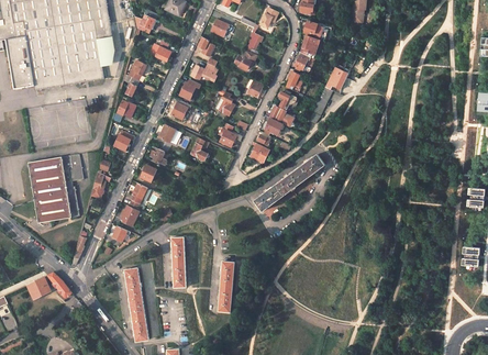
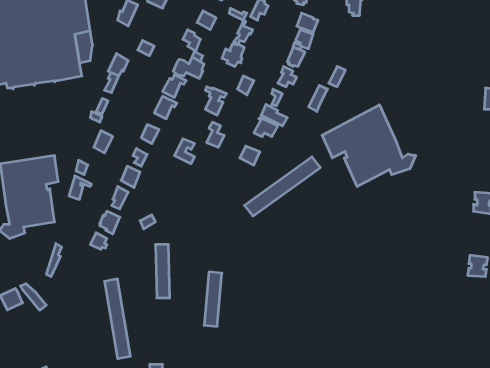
building: none -> [322,105,416,187]

